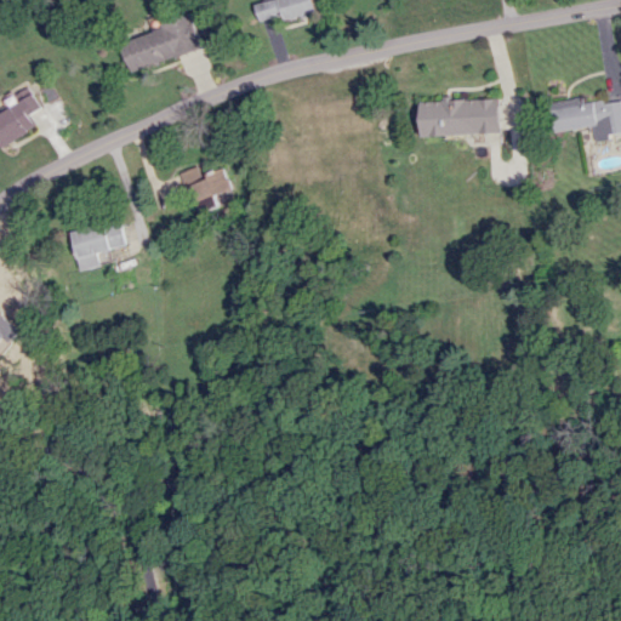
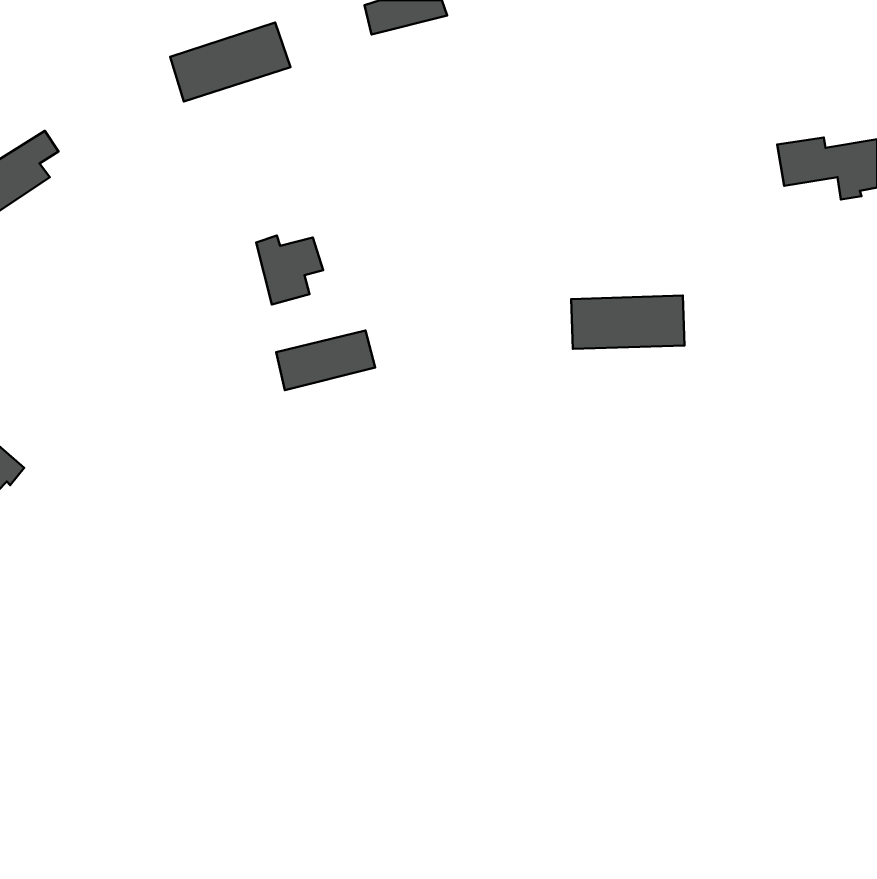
building: [420,98,500,136] -> [571,296,685,349]
building: [68,220,124,270] -> none
building: none -> [276,330,375,390]

